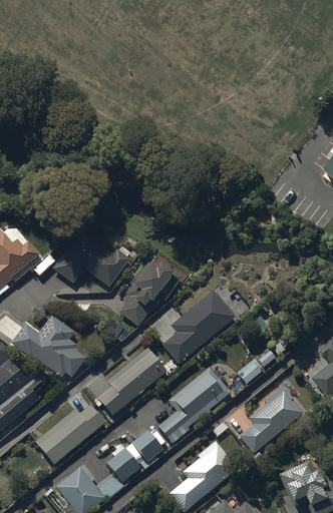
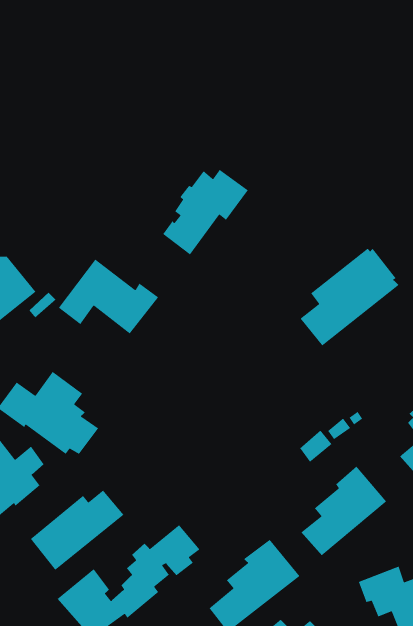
building: [116,262,182,327] -> [162,169,249,256]
building: [161,292,237,366] -> [300,248,400,346]
building: [97,348,166,415] -> none
building: [157,366,231,444] -> none

